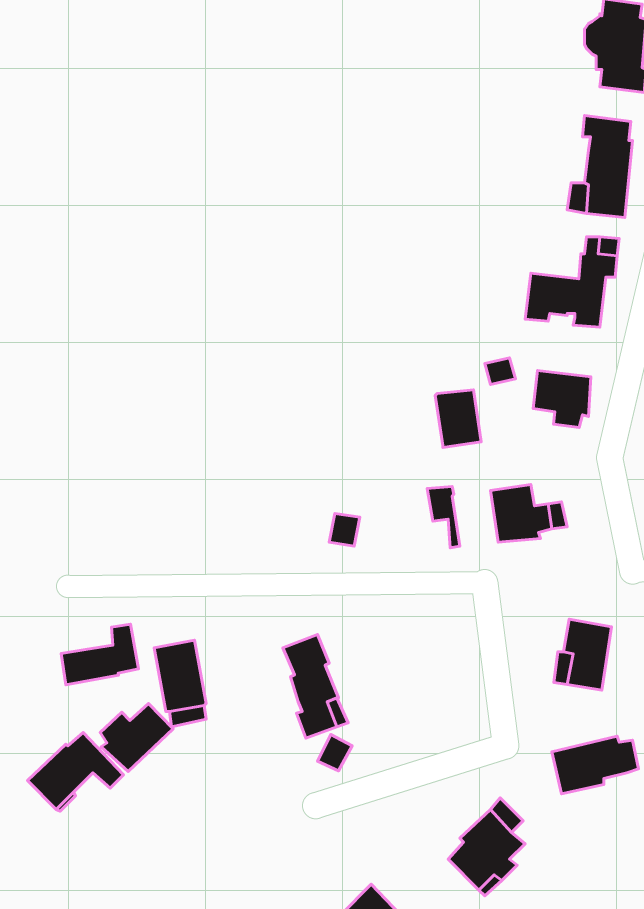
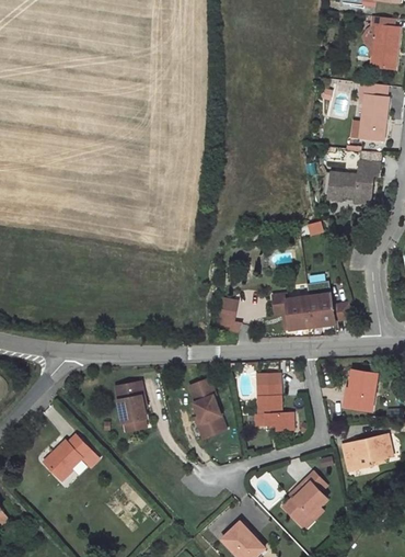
building: [533,371,591,428] -> none
building: [435,390,481,447] -> [286,296,312,329]
building: [61,624,138,685] -> none
building: none -> [257,373,290,430]
building: [100,704,173,772] -> none

